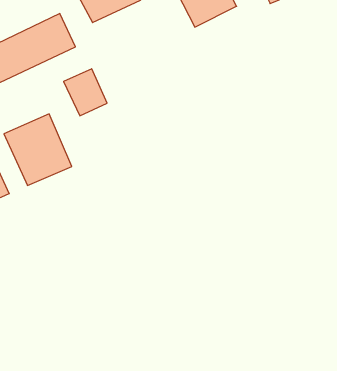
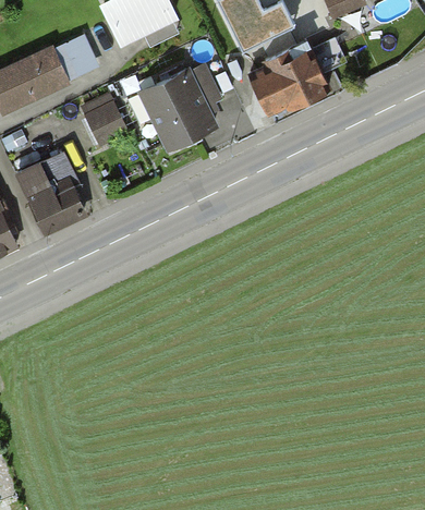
building: none -> [251,47,324,110]
building: none -> [133,65,218,157]

